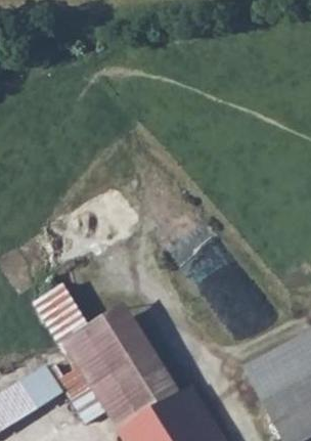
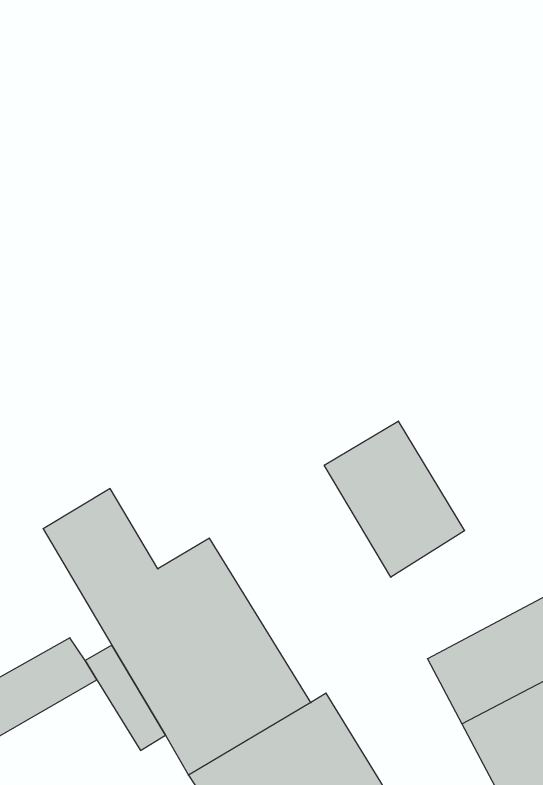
building: none -> [324,421,465,577]

